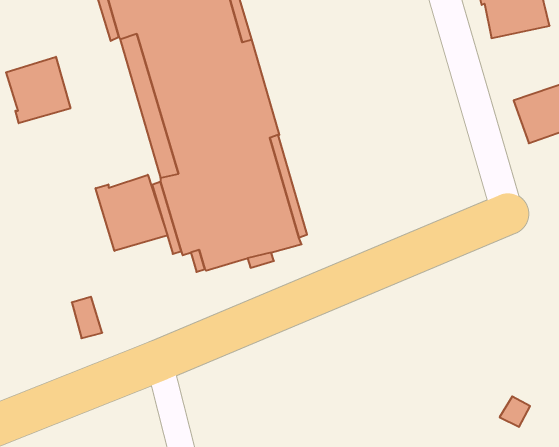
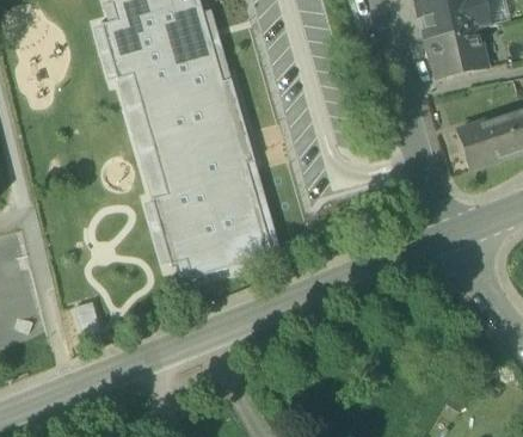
building: [6,57,70,123] -> none
building: [96,175,167,251] -> none

